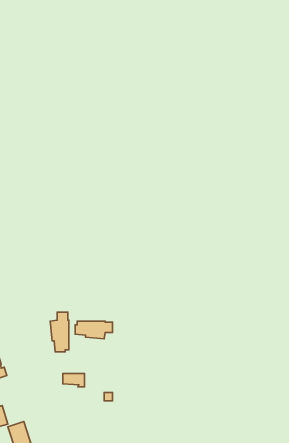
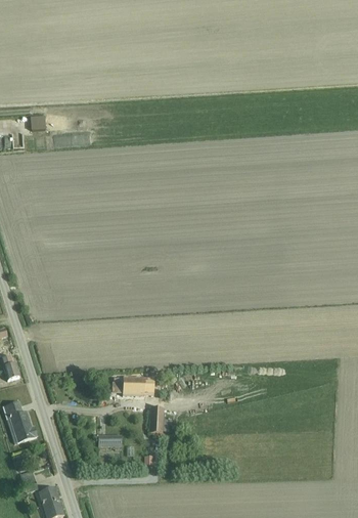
building: [50,312,69,352] -> none
building: none -> [147,405,171,436]

